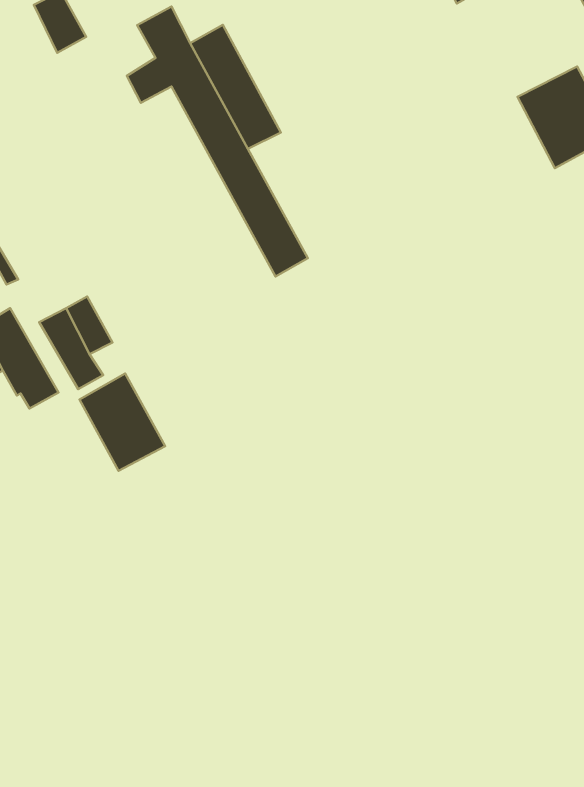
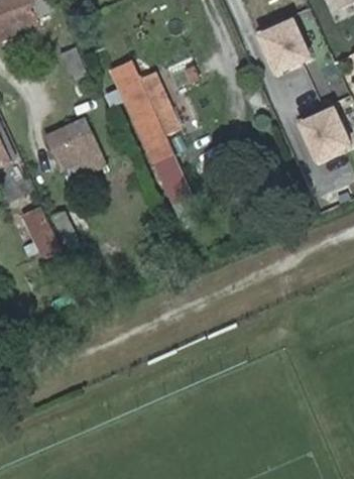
building: none -> [45,118,103,169]
building: [80,373,165,471] -> none

